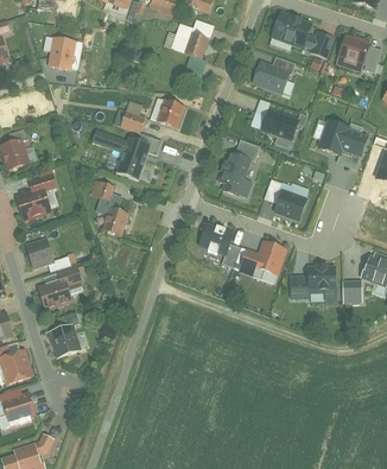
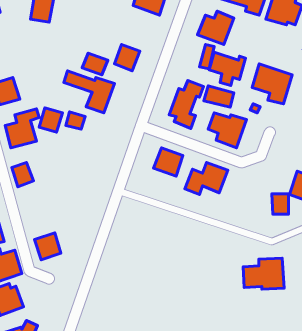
building: none -> [204,86,234,107]
building: [103,204,132,234] -> [39,108,62,132]
building: [37,262,84,312] -> none
building: [286,262,336,300] -> [243,258,284,289]

